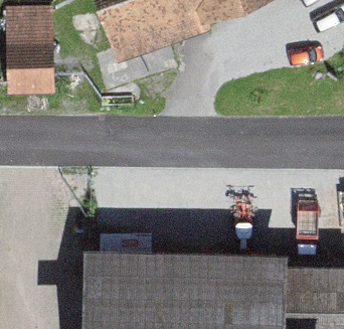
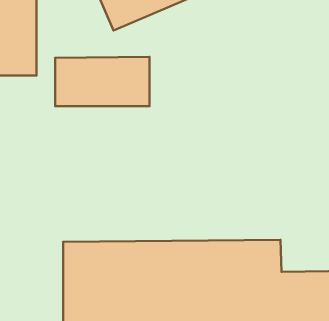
building: none -> [55,57,150,106]

